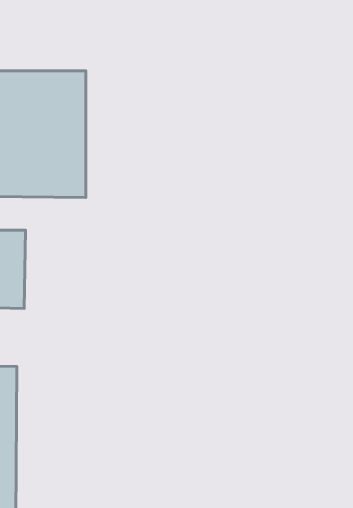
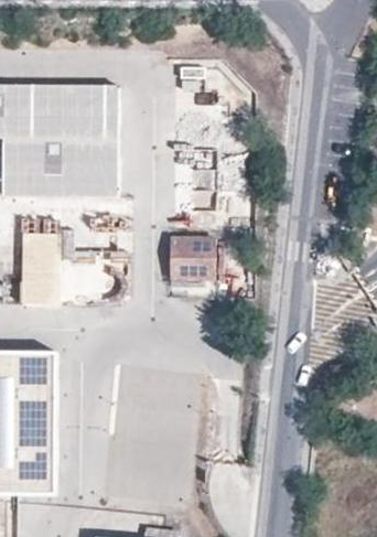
building: none -> [168,238,213,280]

